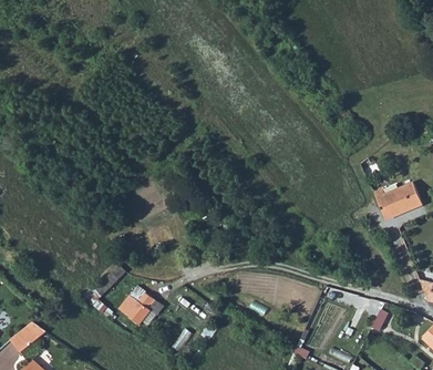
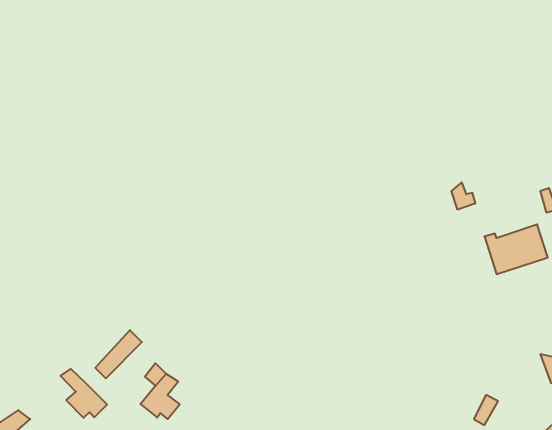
building: none -> [61,369,107,418]

